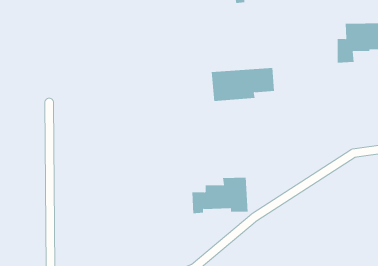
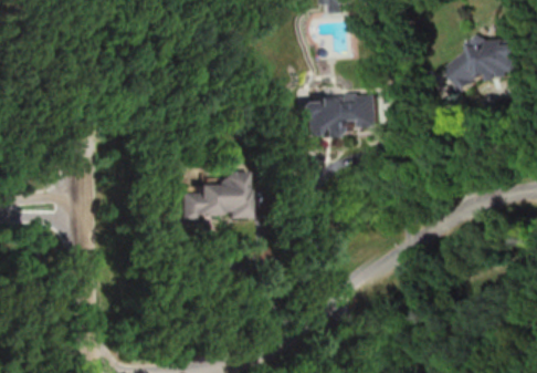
building: [192,177,248,214] -> [180,174,252,220]

